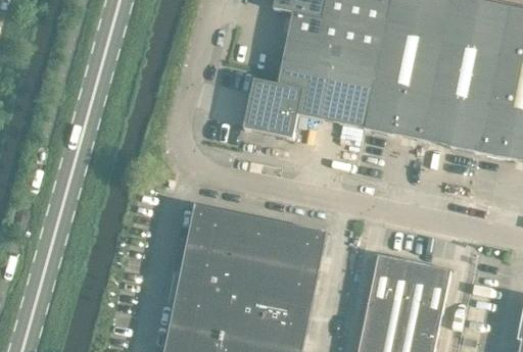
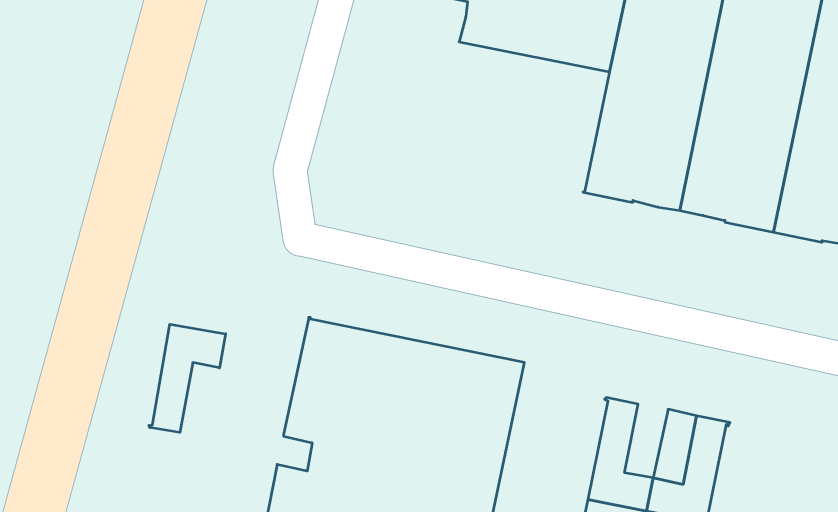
building: [243,36,379,138] -> none
building: none -> [149,324,226,432]
building: [388,257,415,302] -> none

